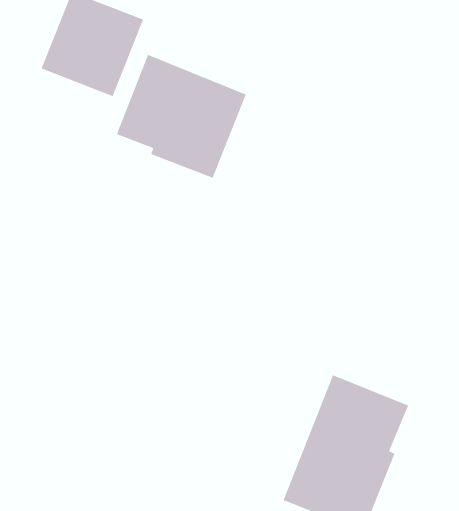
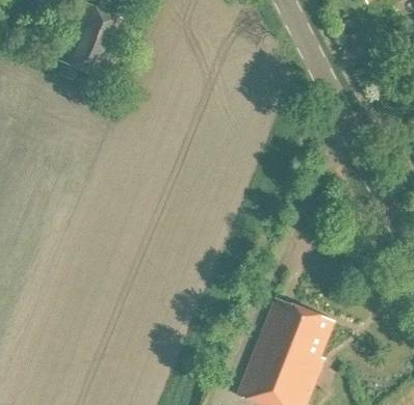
building: [116,54,247,179] -> none

